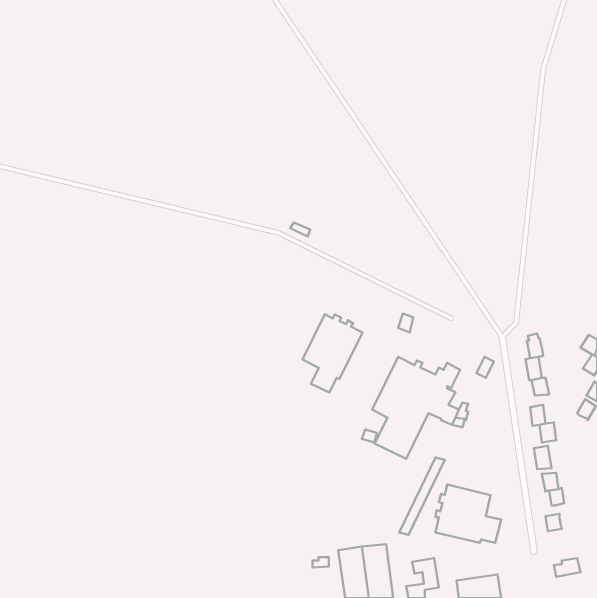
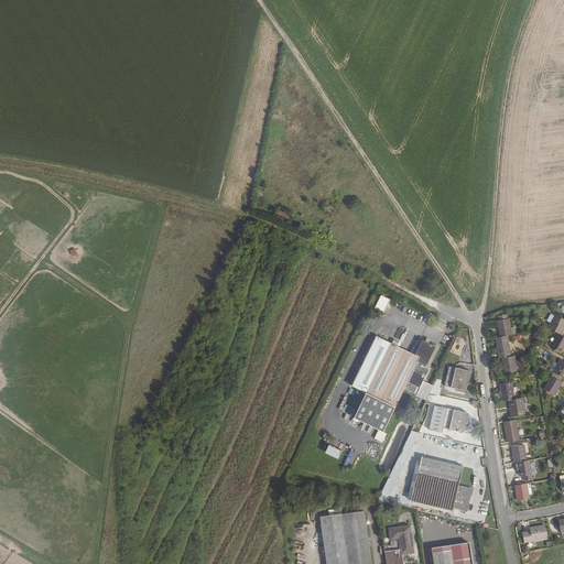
building: [303,314,363,393] -> none
building: none -> [444,367,469,391]
building: none -> [427,405,467,433]

